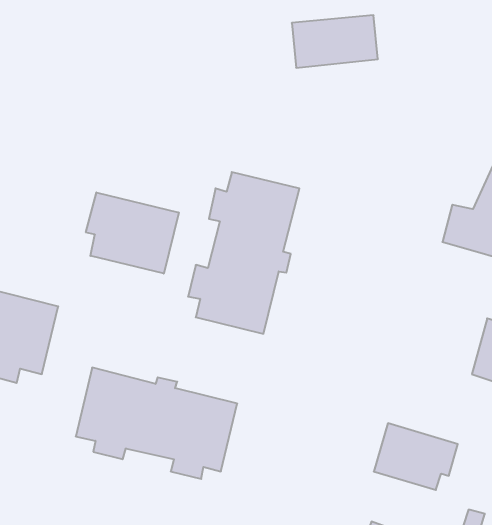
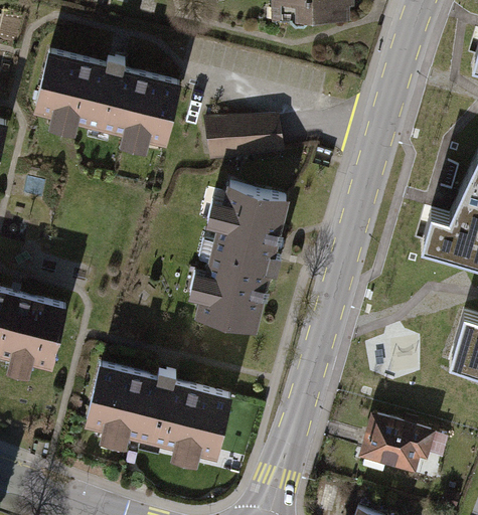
building: [292,15,378,68] -> [204,114,284,162]
building: none -> [32,49,181,151]
building: [86,192,179,274] -> none

